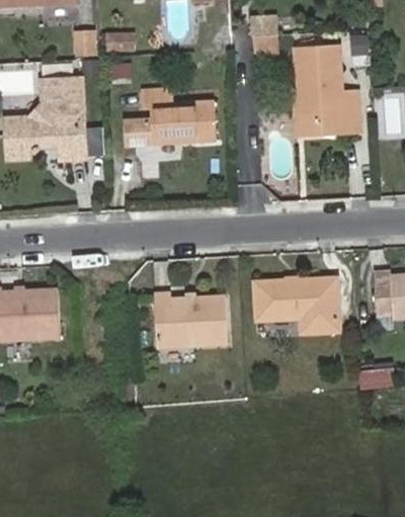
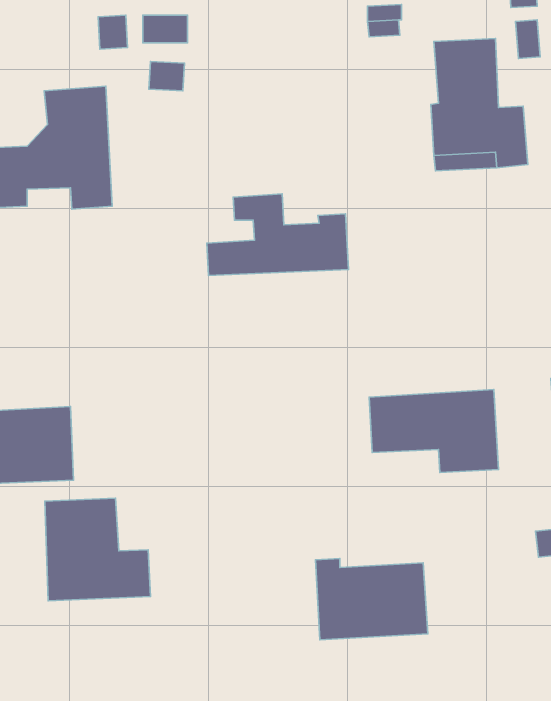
building: [123,89,216,143] -> [207,194,348,276]
building: [154,292,228,346] -> [315,558,428,640]
building: none -> [45,498,151,601]

